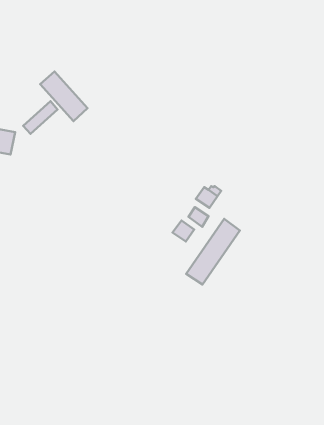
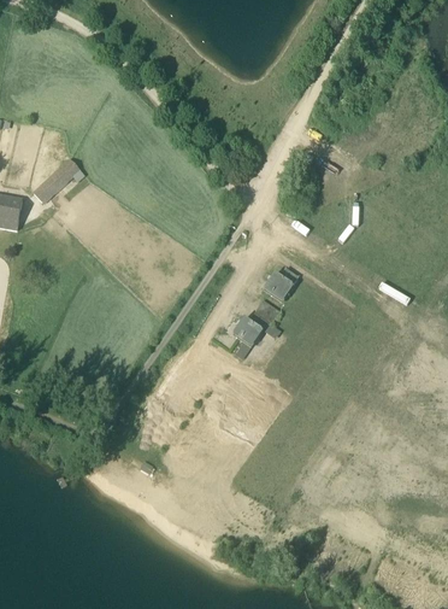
building: [40,72,88,121] -> none
building: [186,219,240,285] -> none

